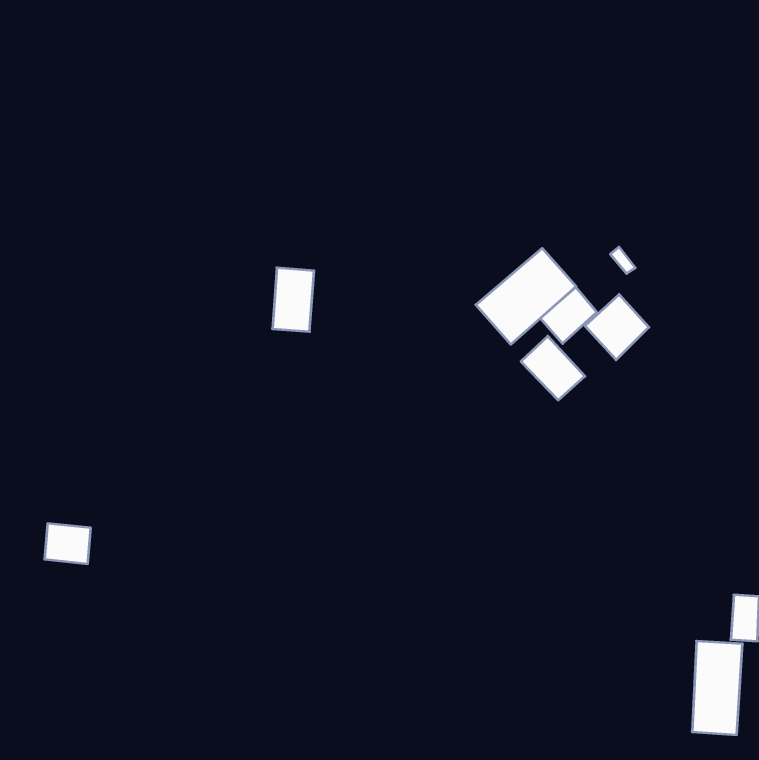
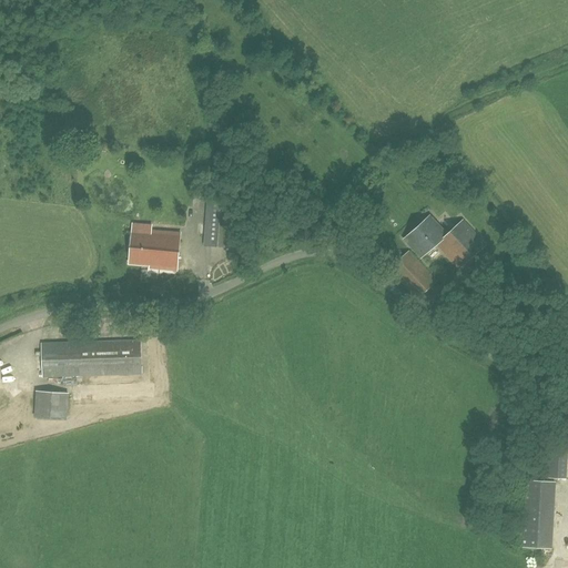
building: [476,248,576,344] -> none
building: none -> [129,231,180,270]
building: none -> [41,339,141,376]

